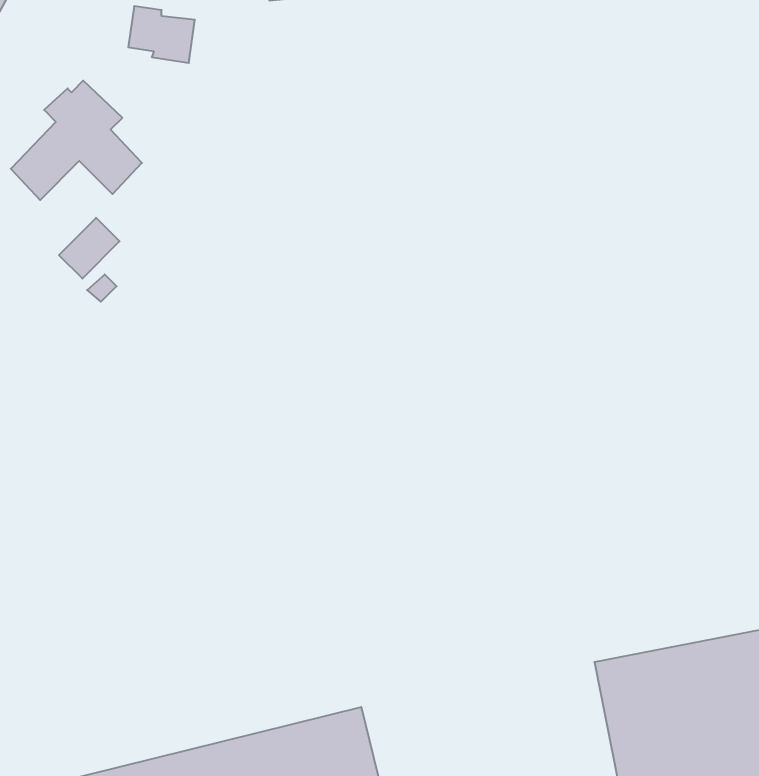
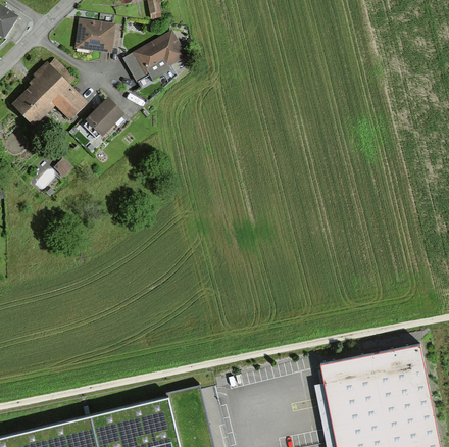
building: none -> [132,35,181,74]
building: [59,218,120,279] -> [87,102,118,134]

